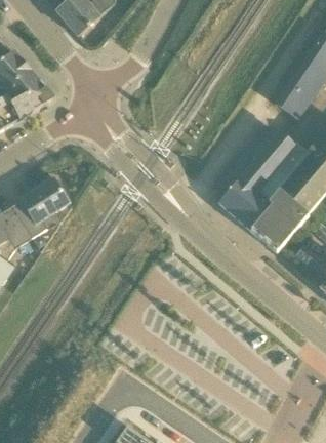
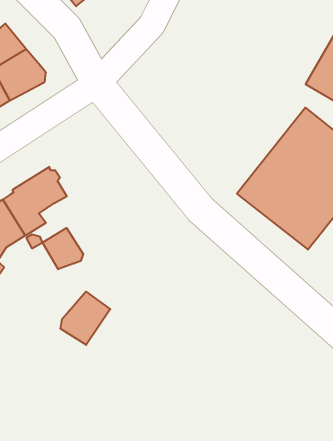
building: none -> [42,228,83,269]
building: none -> [61,292,110,345]

